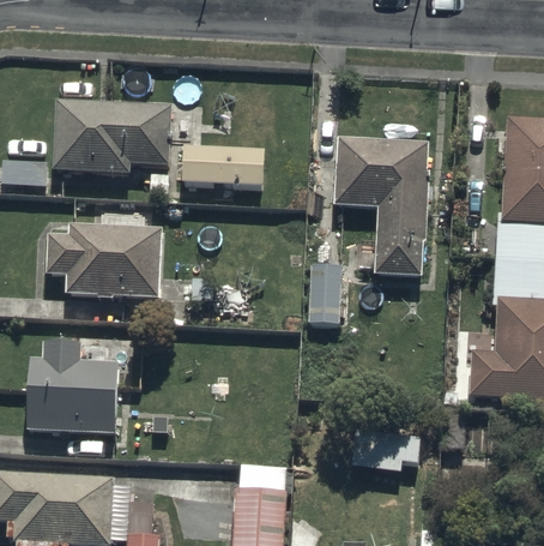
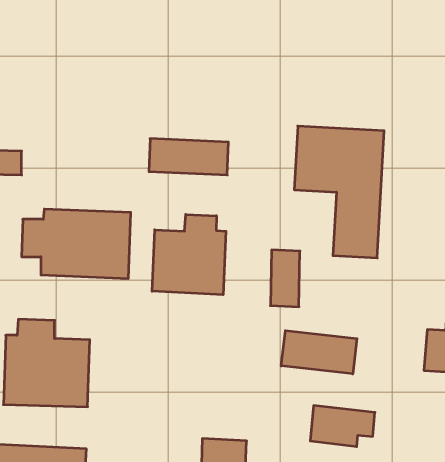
building: [52,100,173,174] -> none
building: none -> [152,214,226,295]
building: none -> [281,331,357,374]

